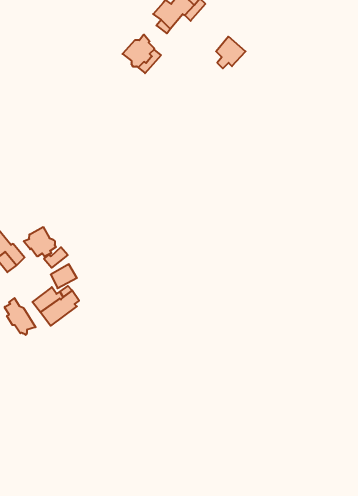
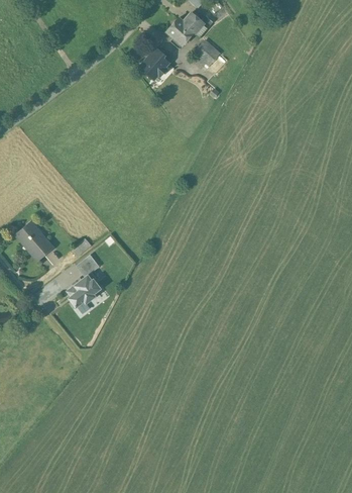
building: [216,37,246,68] -> [194,39,220,68]
building: [24,227,56,256] -> none
building: [5,298,36,335] -> none

